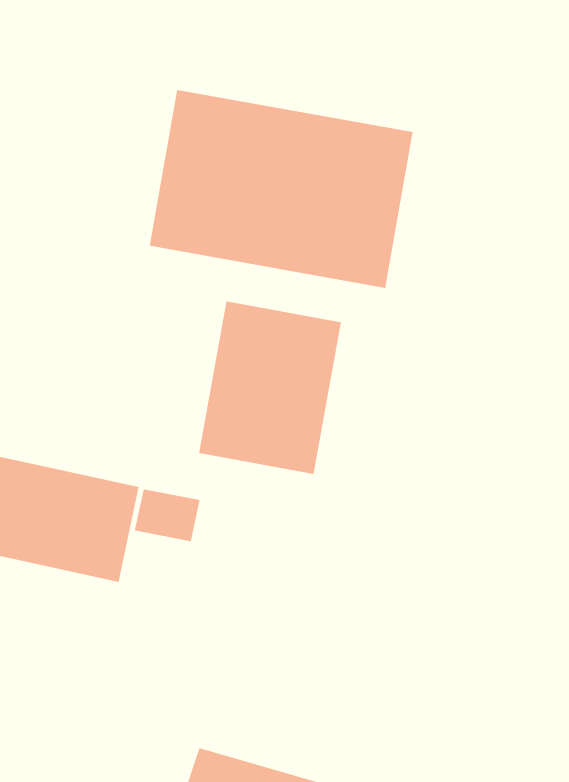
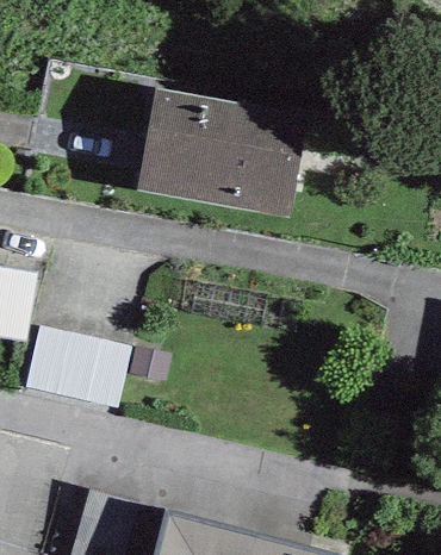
building: [198,300,342,475] -> none

